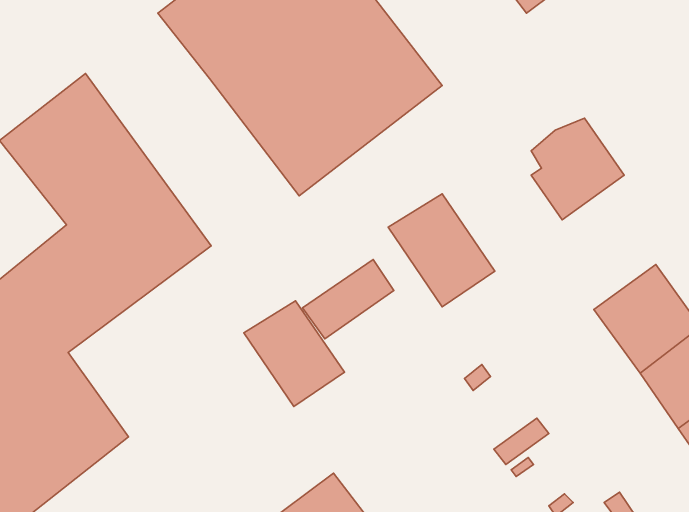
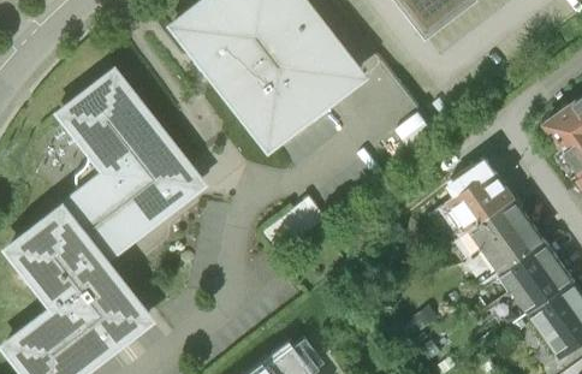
building: [531,118,624,220] -> [449,161,513,232]
building: [388,194,495,307] -> none
building: [244,301,344,407] -> none

